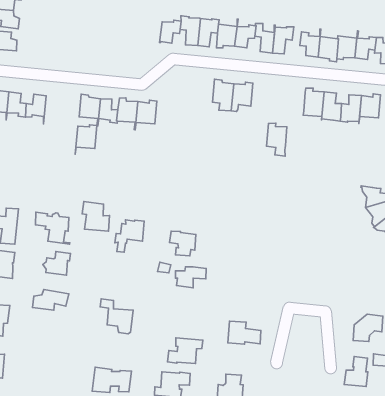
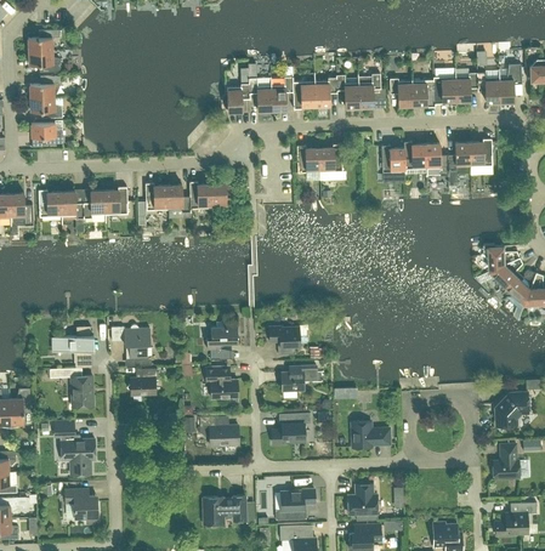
building: [266,123,287,156] -> [381,144,405,181]
building: [75,125,97,154] -> [104,187,127,223]
building: [82,202,109,231] -> [205,367,238,398]
building: [32,290,69,310] -> none
building: [167,338,203,363] -> [272,413,310,443]

